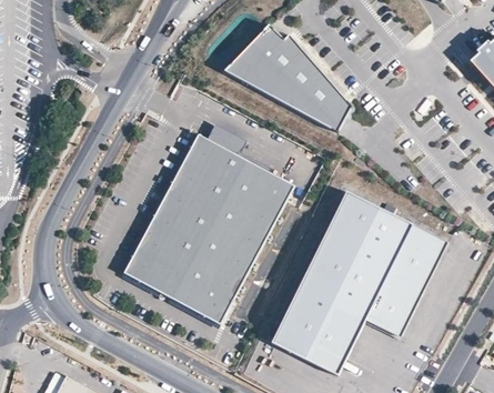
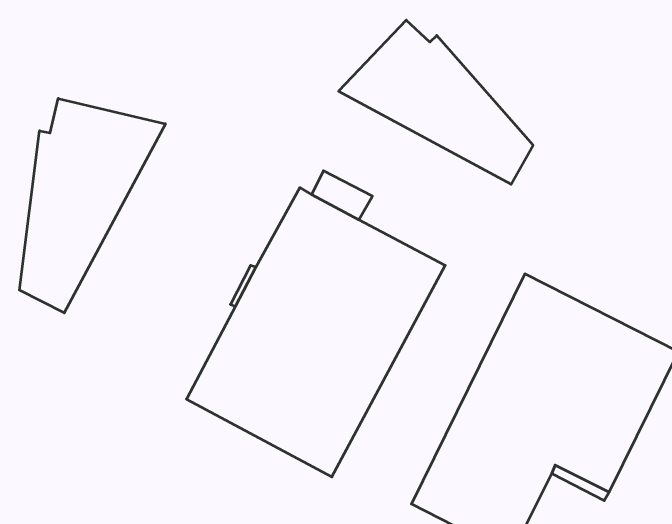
building: none -> [19,98,165,313]

